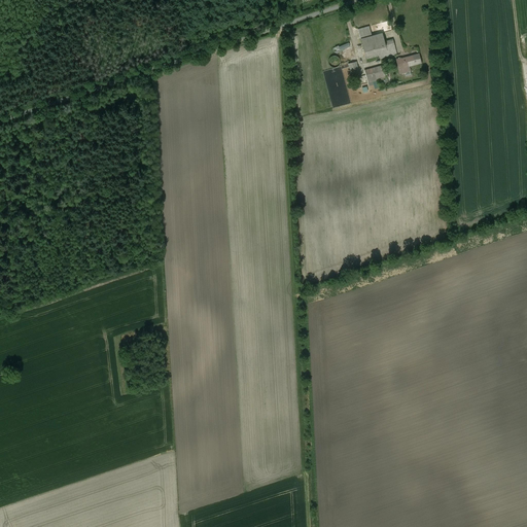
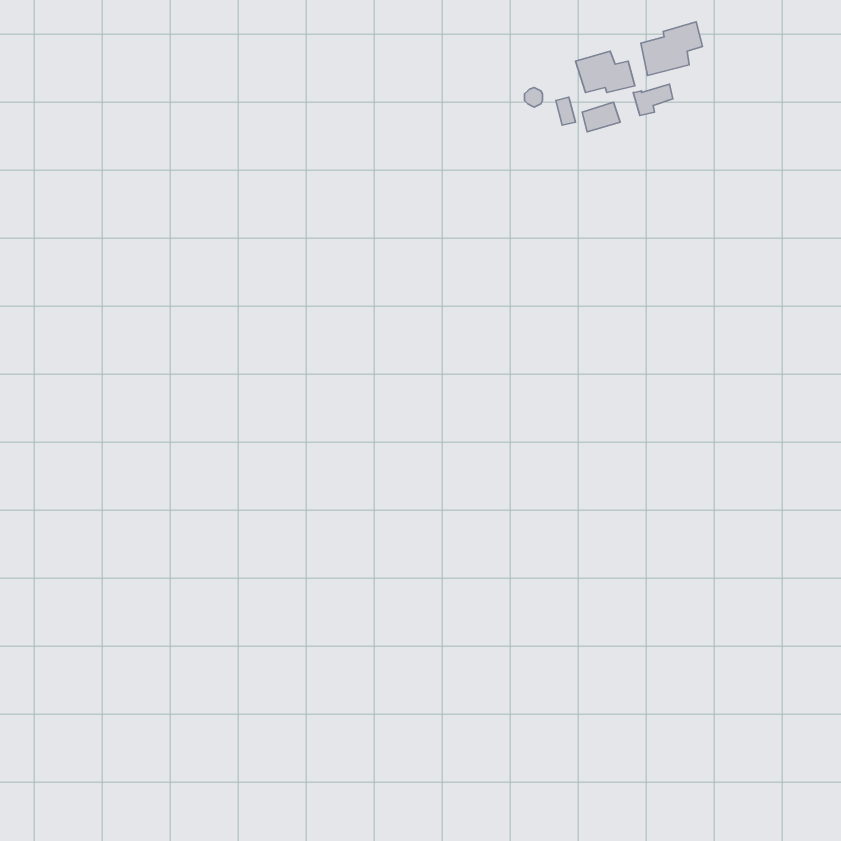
building: none -> [641,22,703,75]

